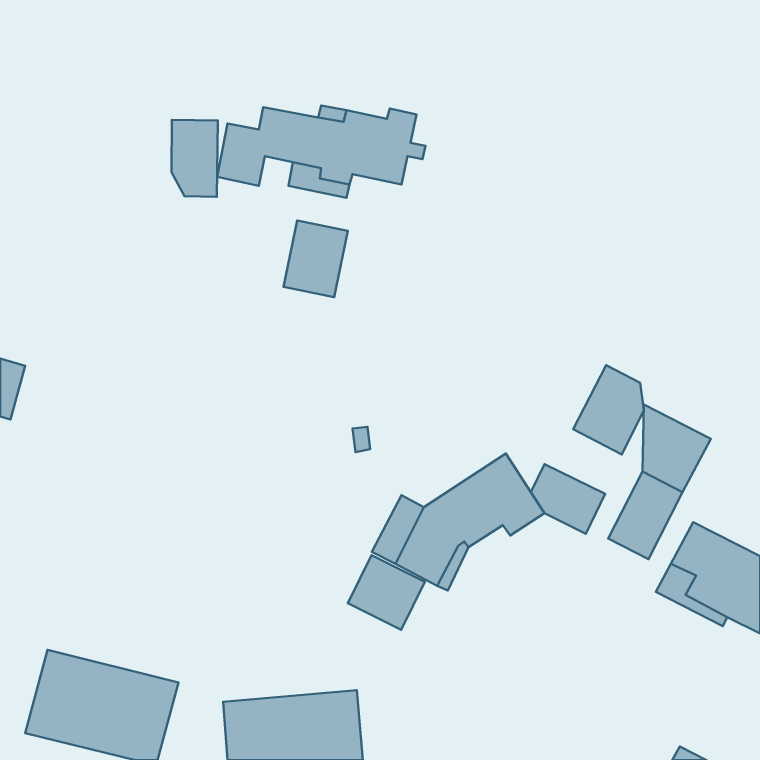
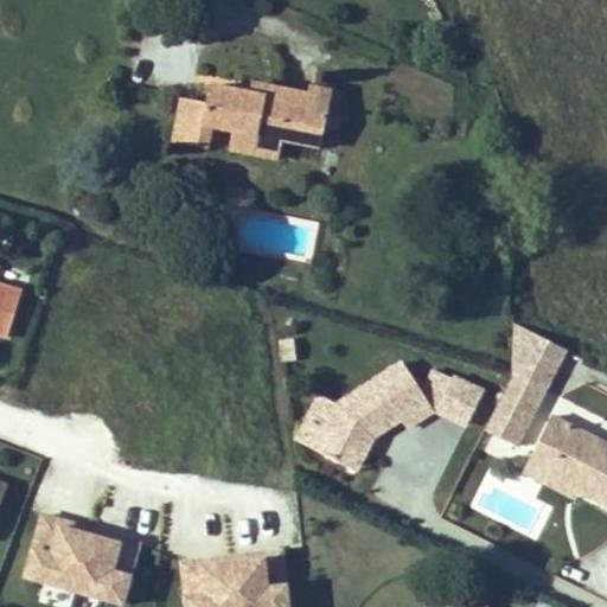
building: [172,120,218,197] -> none
building: [284,221,348,297] -> none
building: [573,365,644,454] -> none
building: [348,555,425,630] -> none

